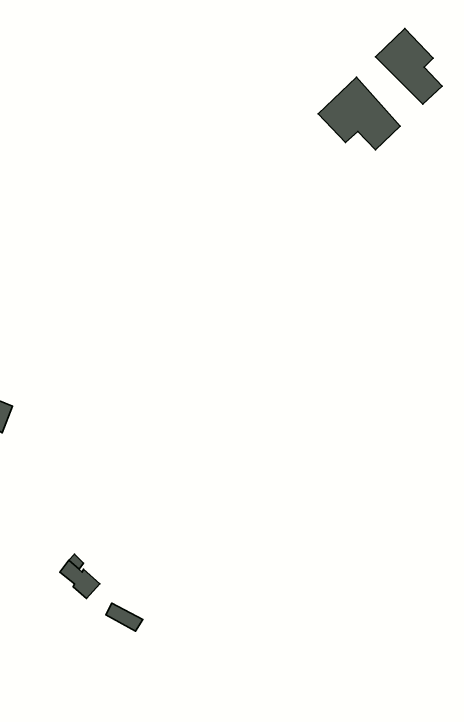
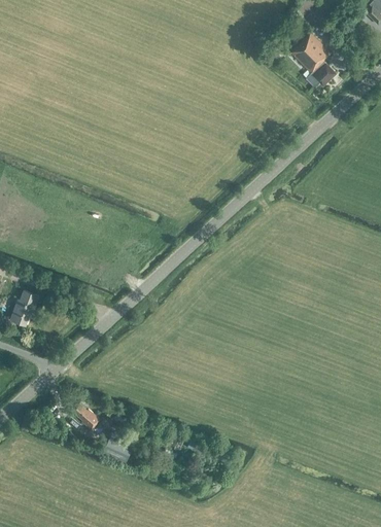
building: [318,77,400,150] -> none

